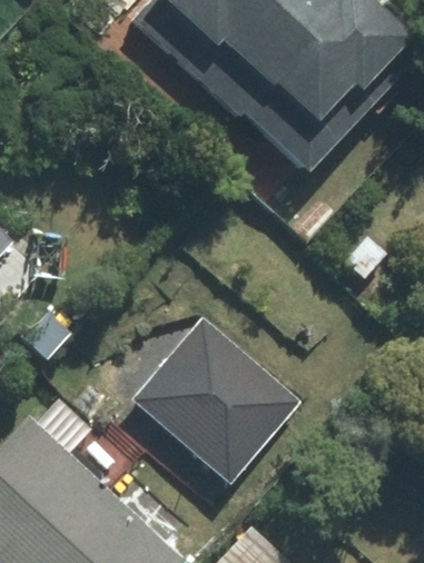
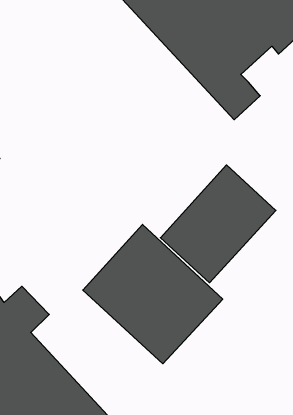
building: none -> [160,165,276,283]

